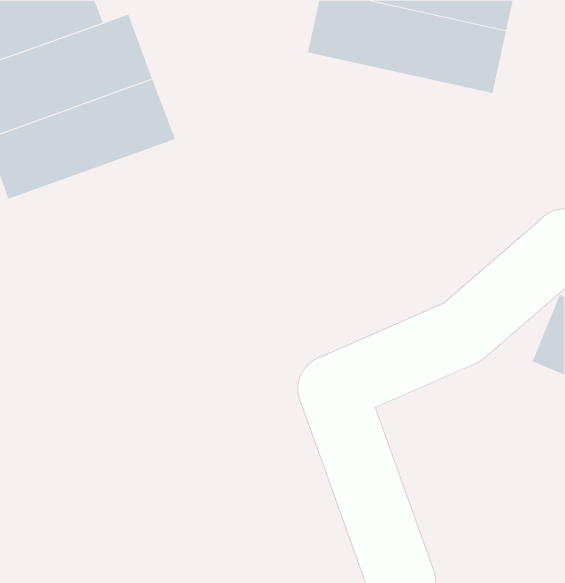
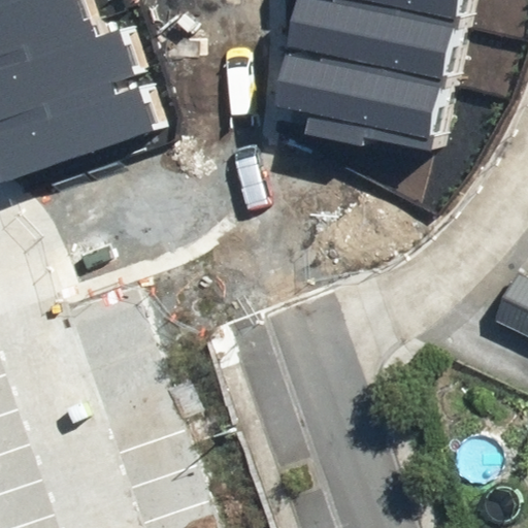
building: none -> [265,47,446,155]

